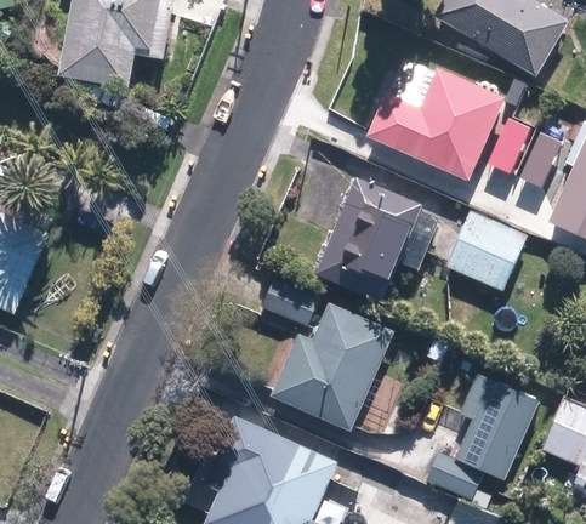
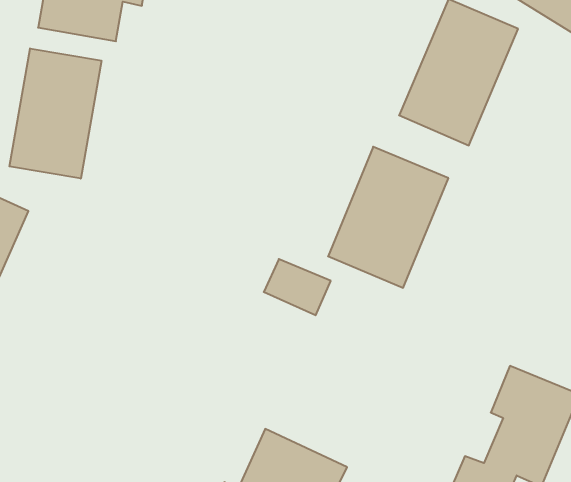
building: none -> [9,48,101,179]
building: [445,220,524,292] -> none
building: [269,303,396,431] -> none

